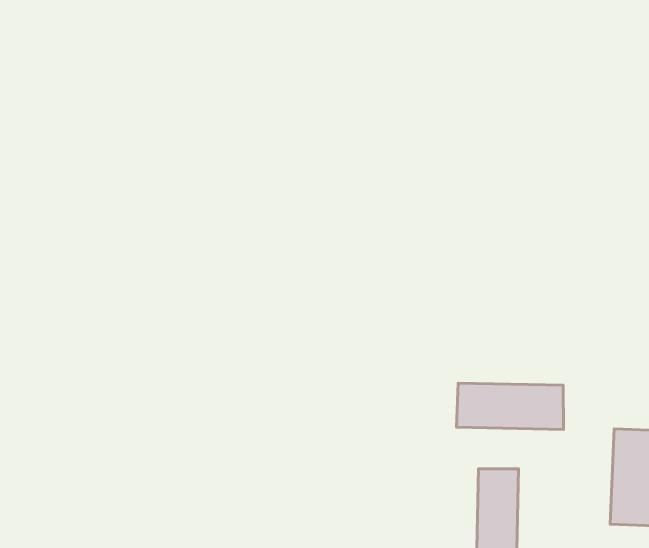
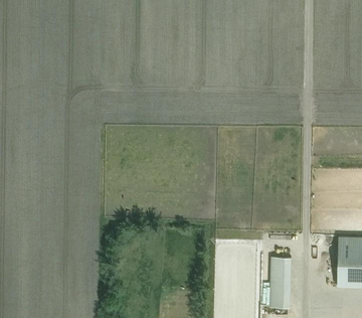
building: [457,383,564,429] -> none

